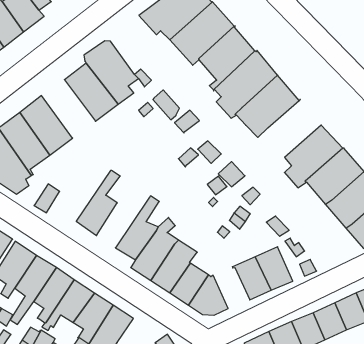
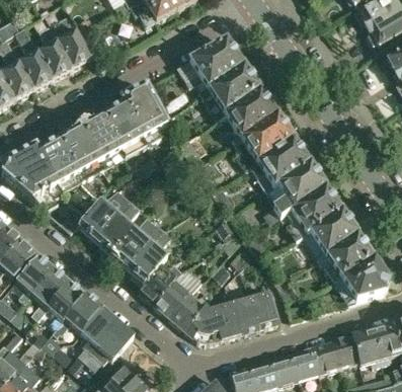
building: none -> [80,114,125,167]
building: none -> [266,161,325,217]
building: none -> [78,187,133,241]
building: none -> [111,221,164,269]
building: none -> [210,301,239,337]

